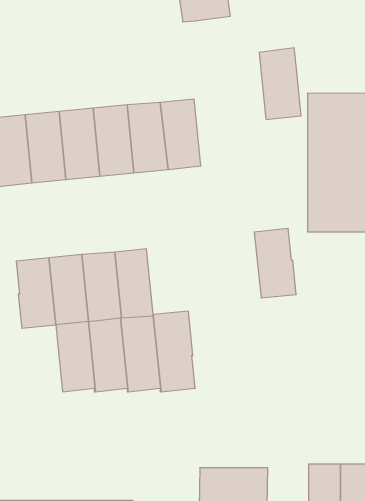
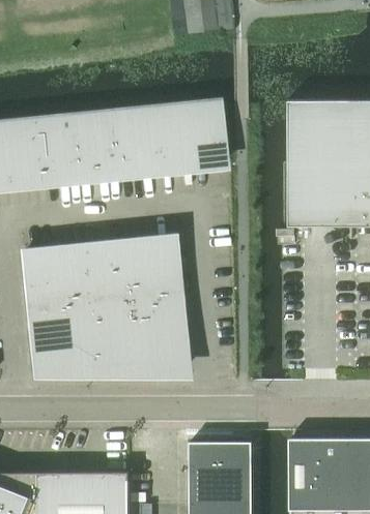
building: [259,48,301,119] -> [184,102,223,168]
building: [254,229,296,298] -> [141,240,179,303]
building: none -> [27,312,64,373]

